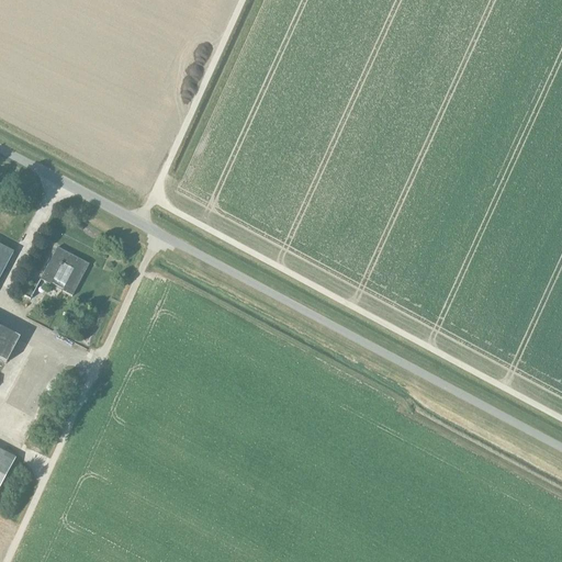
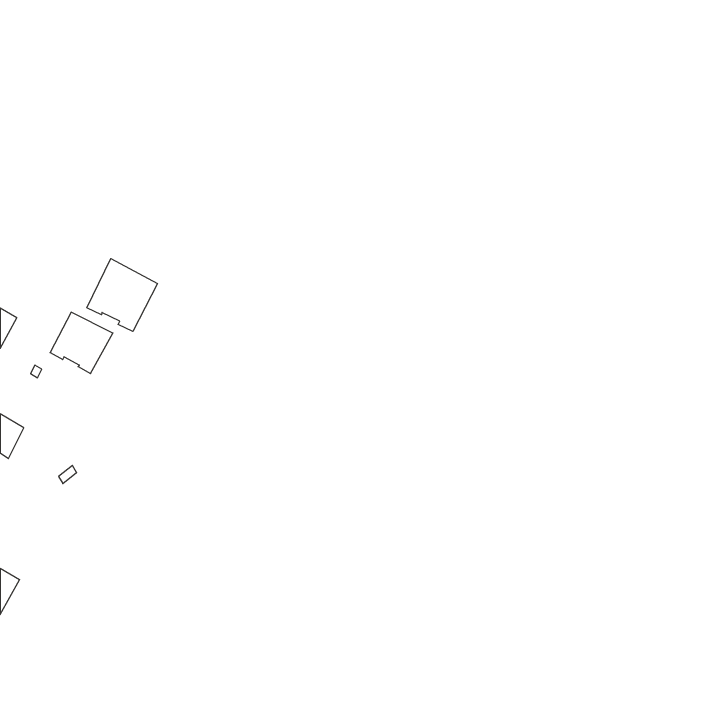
building: none -> [87,259,157,331]

